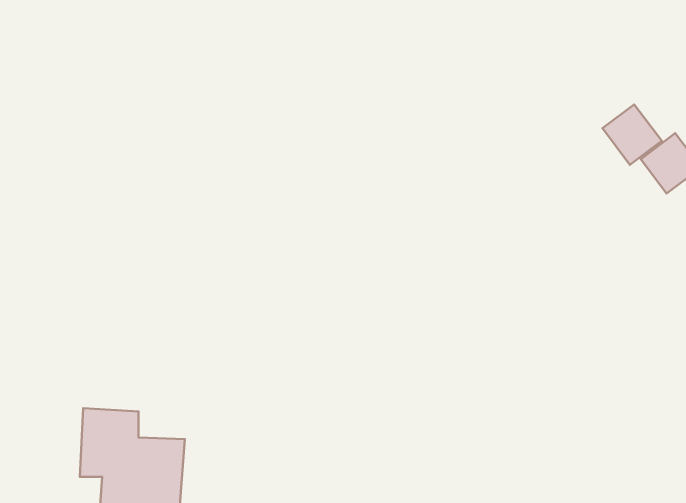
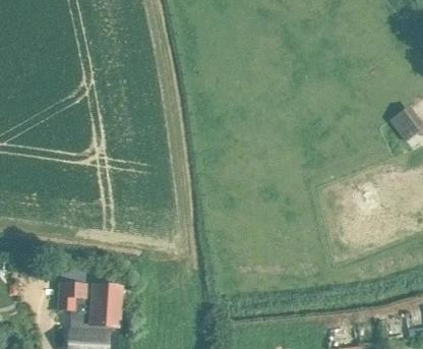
building: [602,104,662,165] -> none

